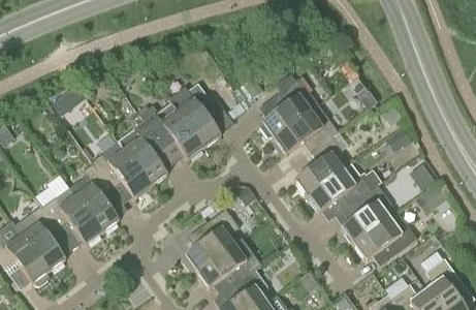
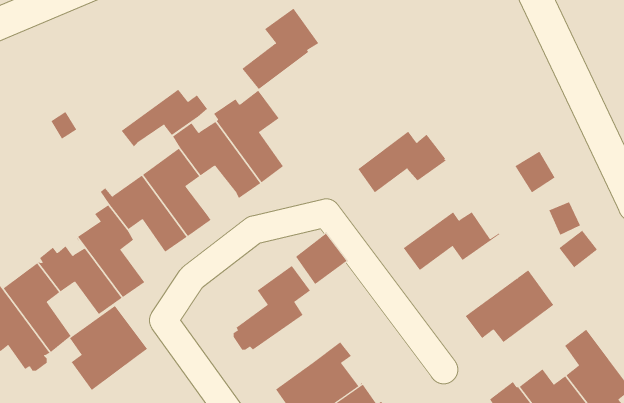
building: [261,78,318,137] -> [241,8,319,90]
building: none -> [121,89,208,147]
building: [294,131,348,195] -> none
building: [340,185,392,245] -> none
building: none -> [69,305,148,391]
building: [197,244,261,287] -> none

